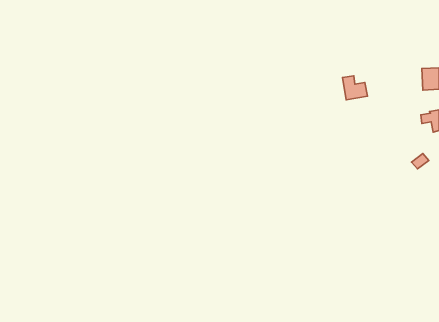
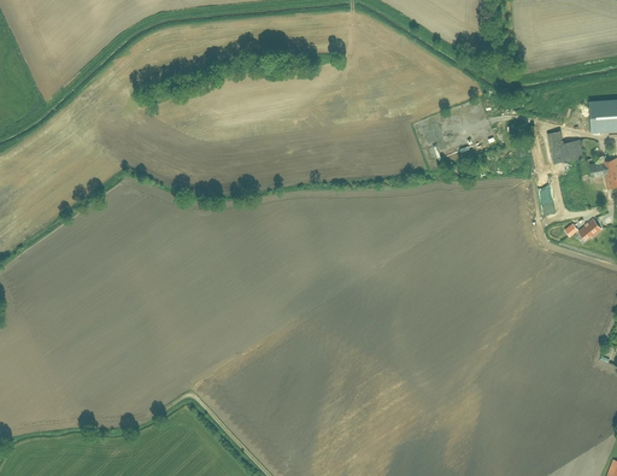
building: [343,76,368,100] -> [548,131,583,165]

